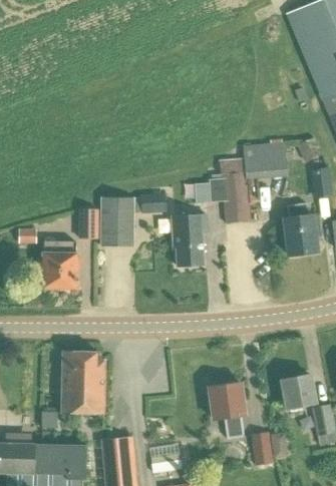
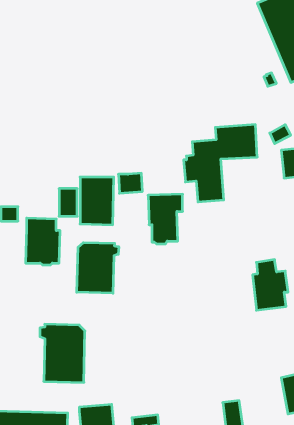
building: [283,201,320,255] -> [253,260,288,310]
building: none -> [77,243,119,293]
building: [282,374,315,408] -> none
building: [209,382,245,438] -> none

